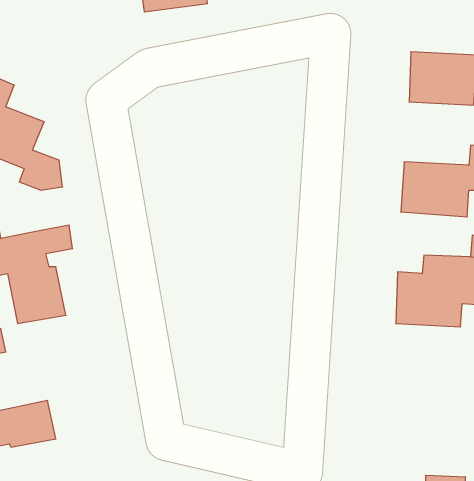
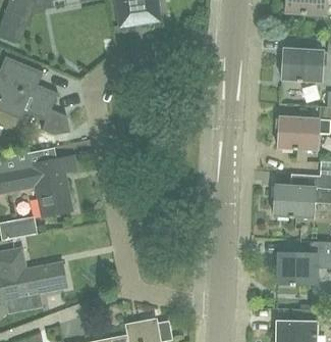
building: none -> [278,252,318,284]

